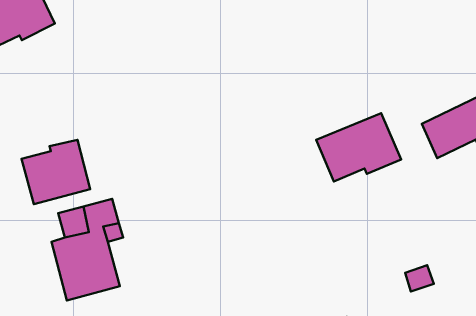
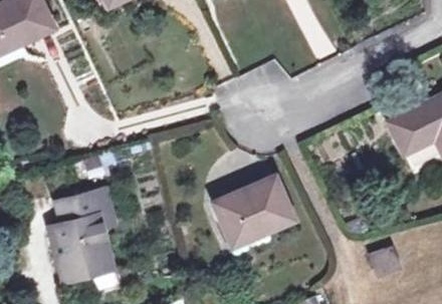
building: [316,113,401,182] -> [215,179,292,241]
building: [22,140,90,204] -> none

